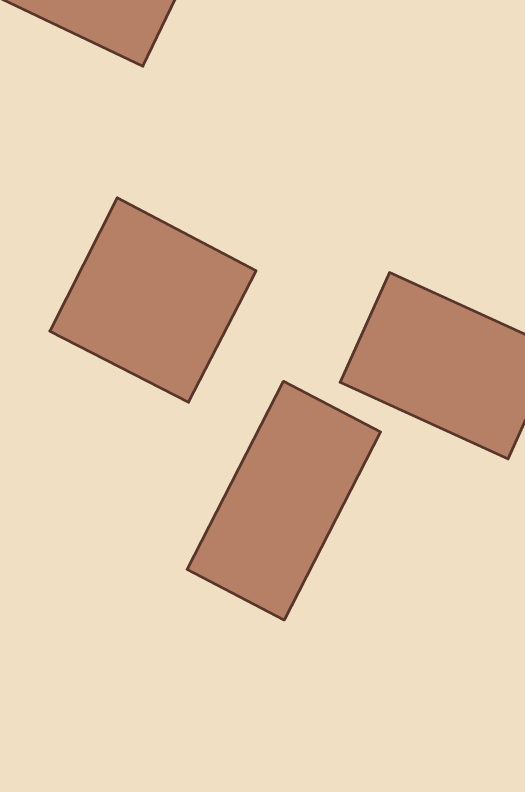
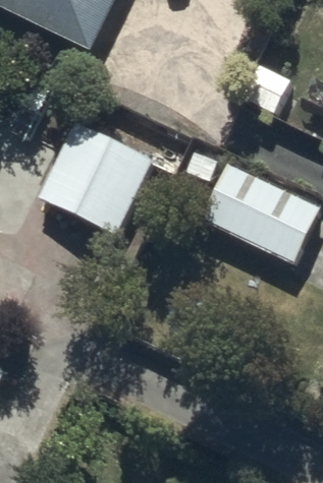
building: [187,381,381,620] -> none

